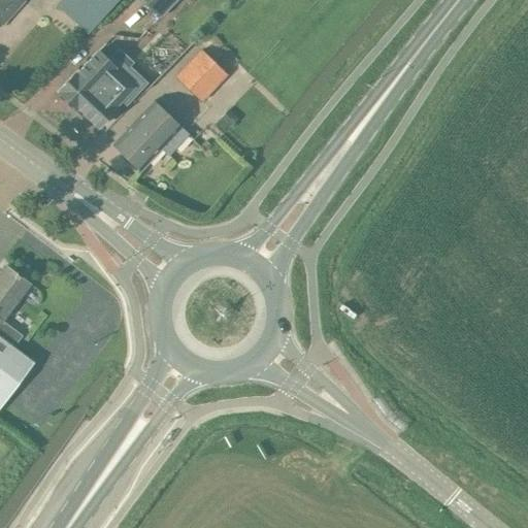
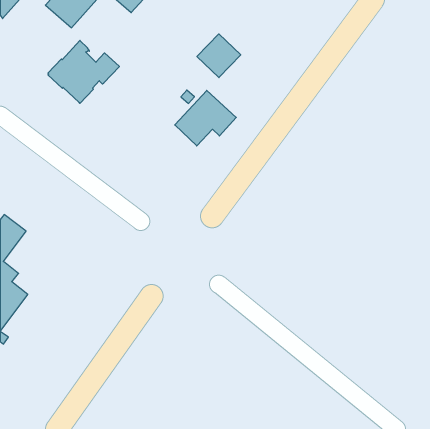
building: [174,48,228,102] -> [197,34,241,78]
building: [114,100,190,168] -> [175,90,236,146]

